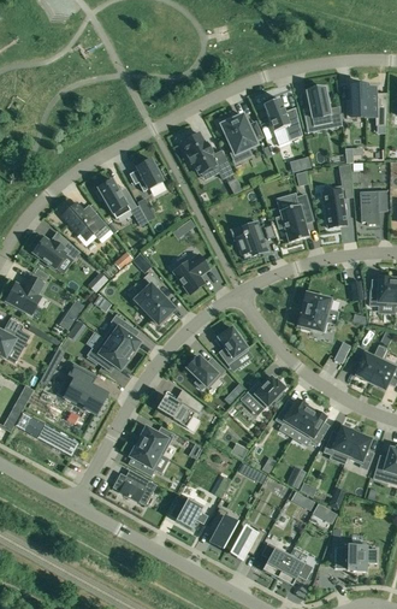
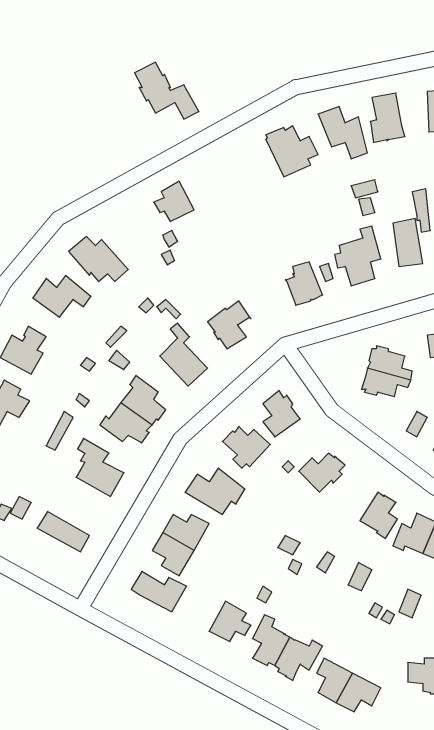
building: [182,132,233,178] -> [135,62,199,119]
building: [96,178,136,218] -> none
building: [274,398,310,431] -> none

